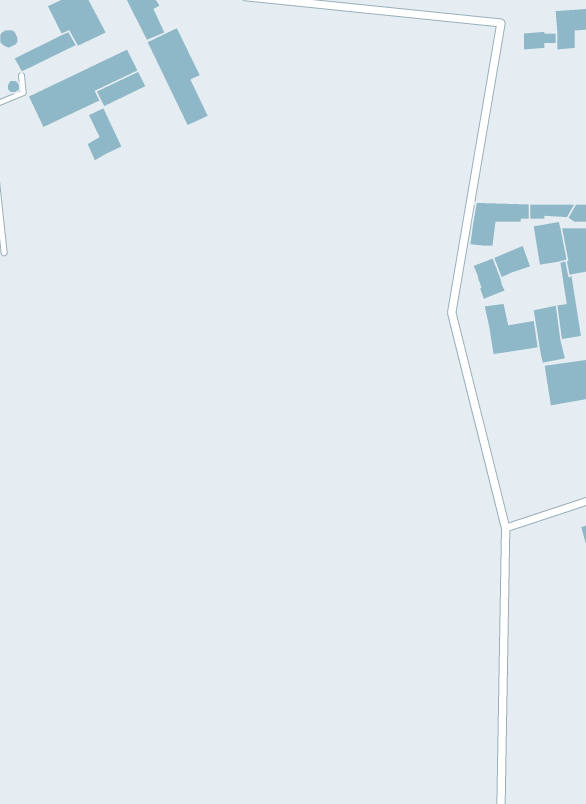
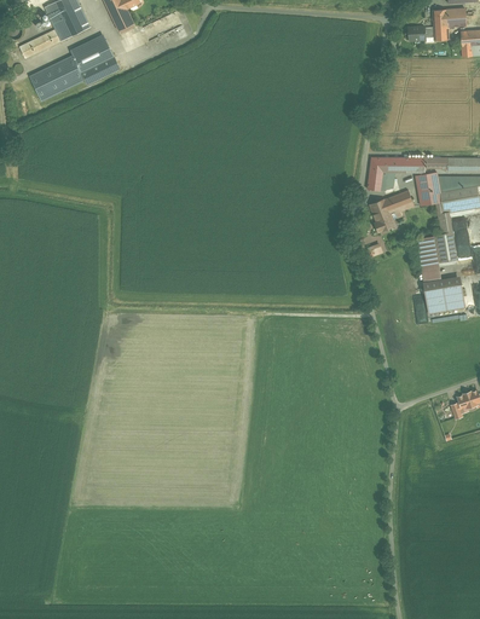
building: [147,26,209,126] -> none
building: [86,107,123,161] -> none
building: [484,303,539,355] -> none

